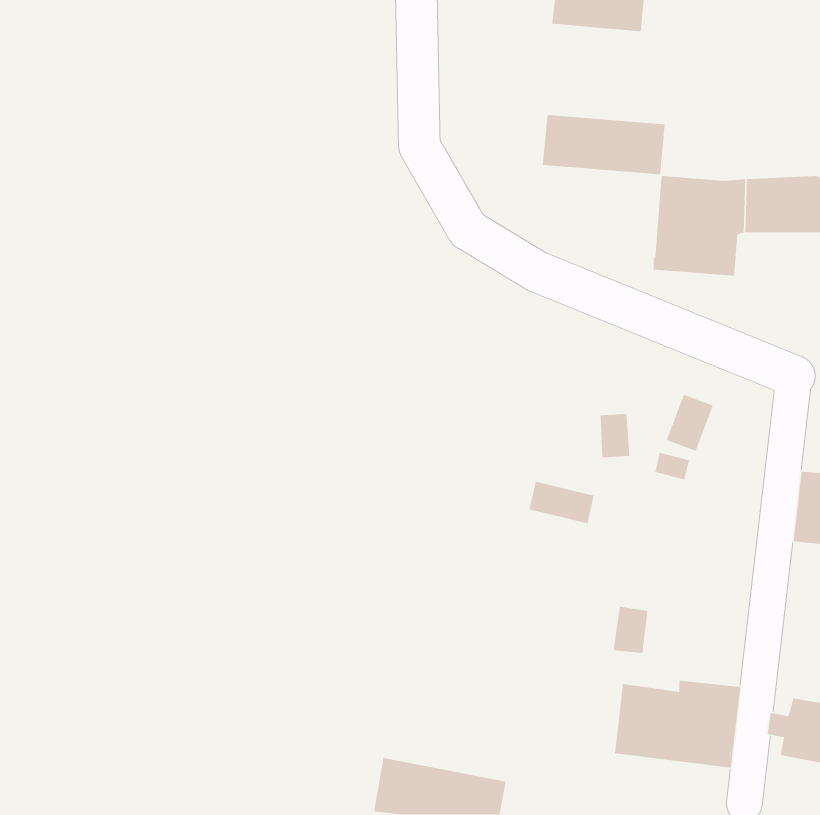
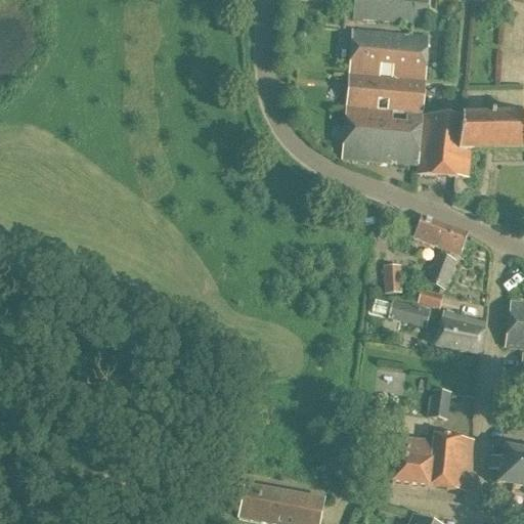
building: none -> [349,28,428,79]
building: none -> [342,105,422,164]
building: none -> [413,214,468,253]
building: [529,481,595,524] -> [388,298,430,325]
building: none -> [437,309,487,352]
building: [613,606,648,654] -> [428,388,450,419]

